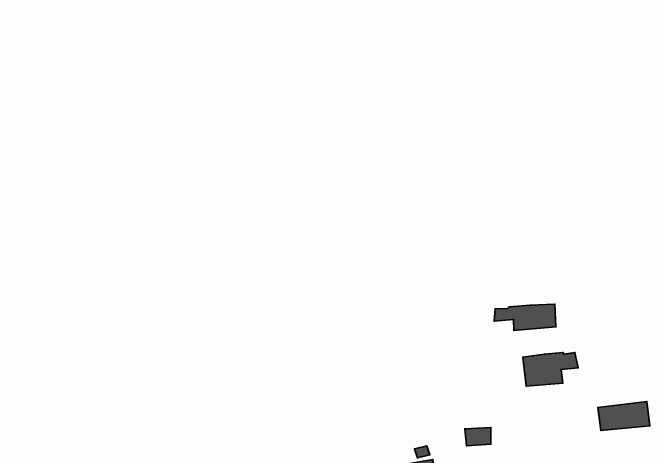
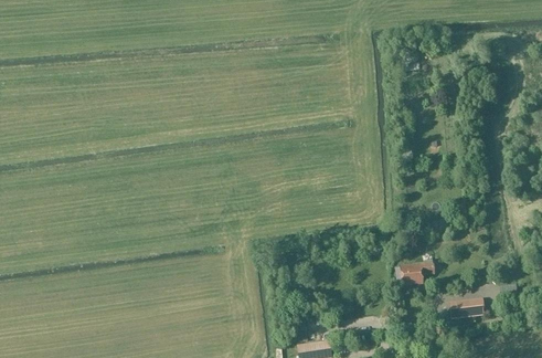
building: [494,304,556,330] -> none

